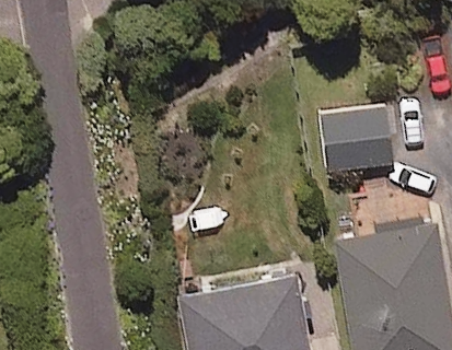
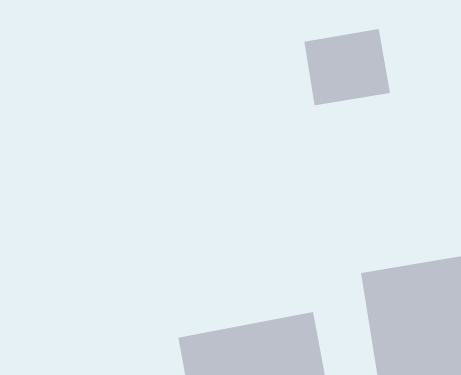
building: [321,103,395,168] -> [304,29,391,106]

